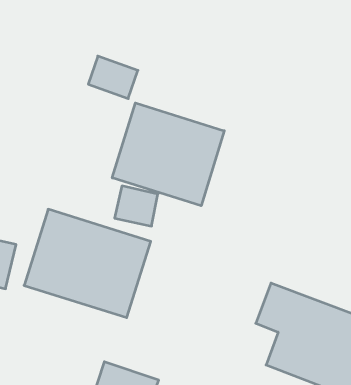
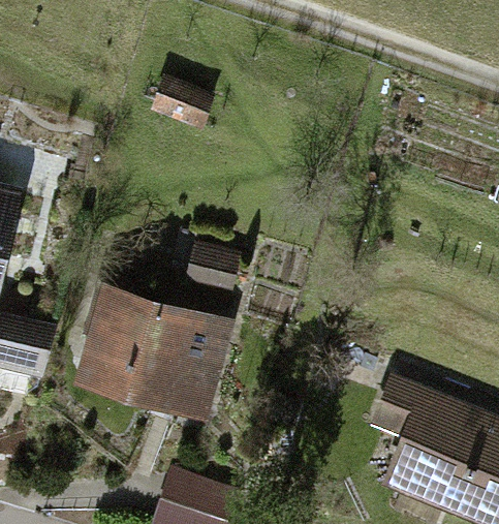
building: [112,103,224,206] -> none

